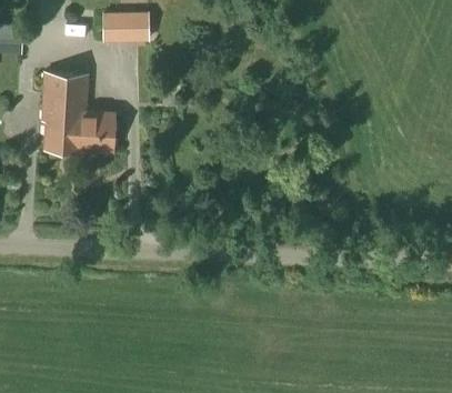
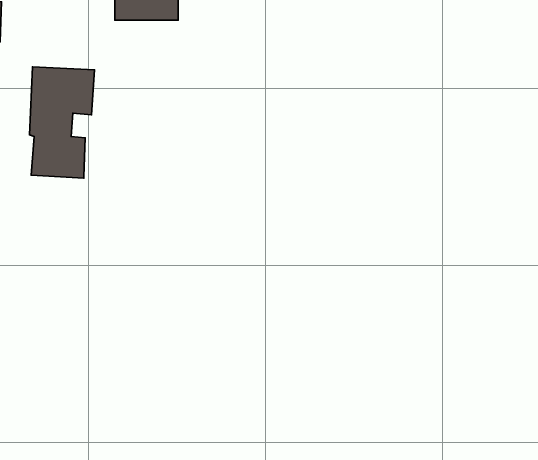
building: [72,77,117,154] -> none

